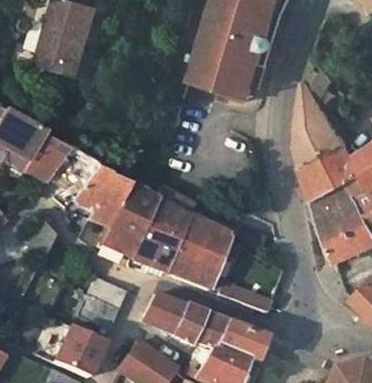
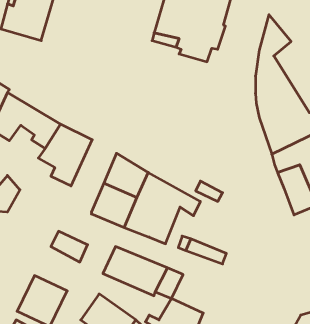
building: [100,183,153,258] -> none
building: [75,294,115,331] -> none
building: [210,323,260,365] -> none

